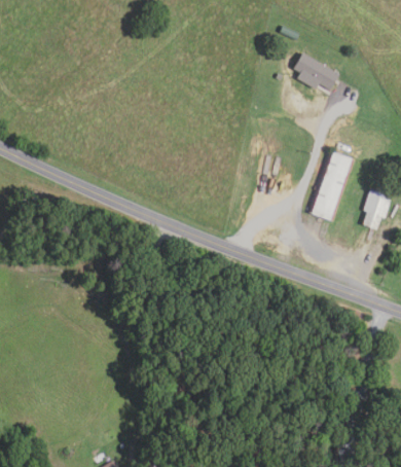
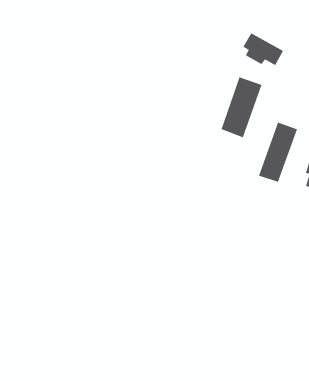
building: none -> [221,77,262,138]

